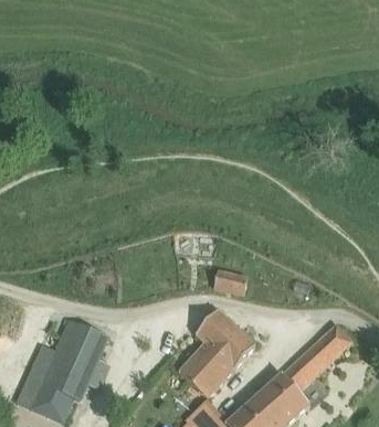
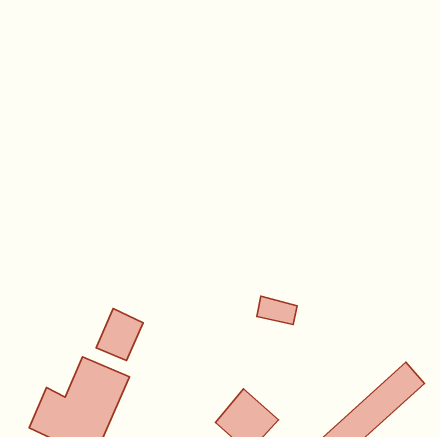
building: none -> [96,309,143,361]
building: [196,309,254,371] -> none

